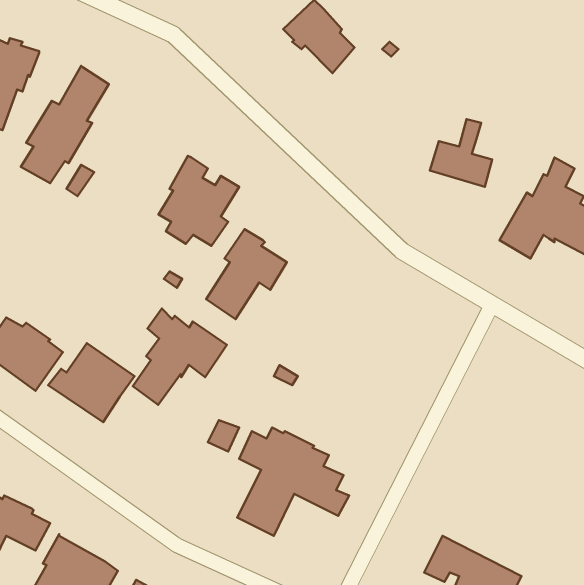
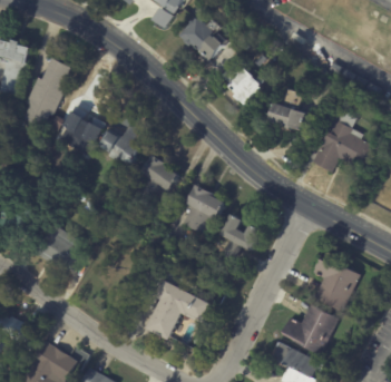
building: none -> [222,62,261,104]
building: none -> [59,109,107,155]
building: none -> [182,185,228,233]
building: [133,308,227,405] -> none
building: none -> [225,214,270,262]
building: none -> [311,254,358,307]
building: none -> [277,303,335,354]

